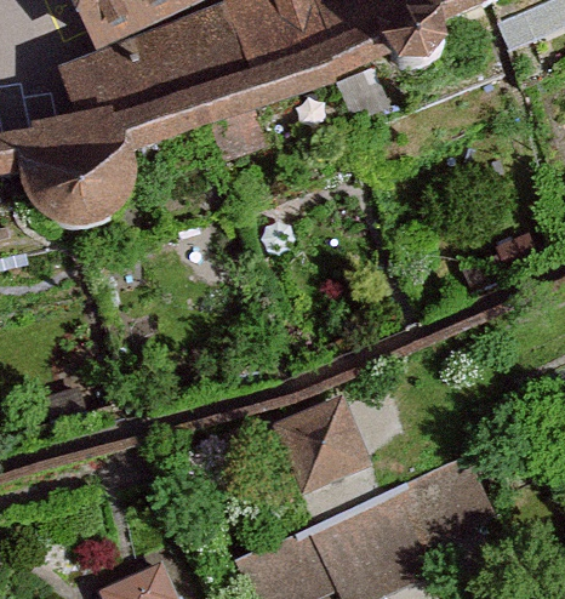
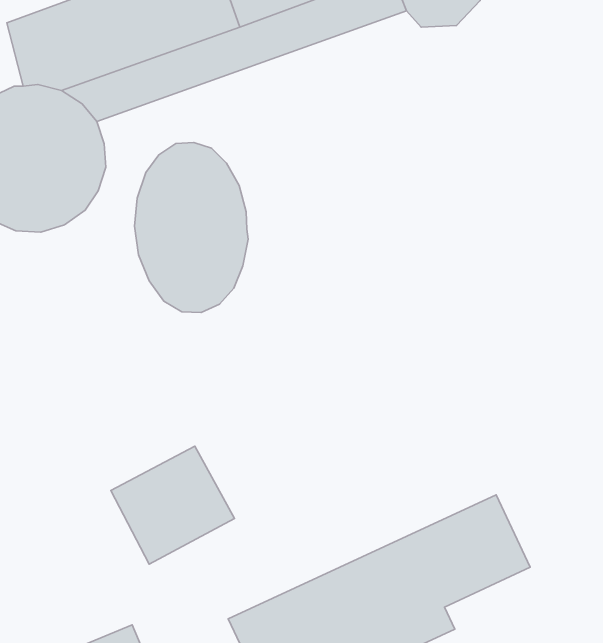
building: none -> [134,142,248,312]
building: [276,389,378,486] -> [111,446,235,564]

